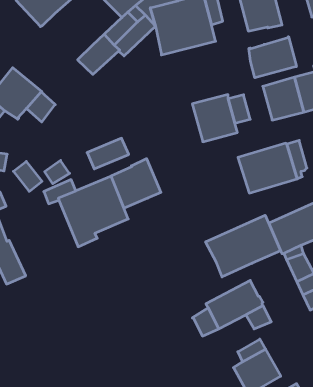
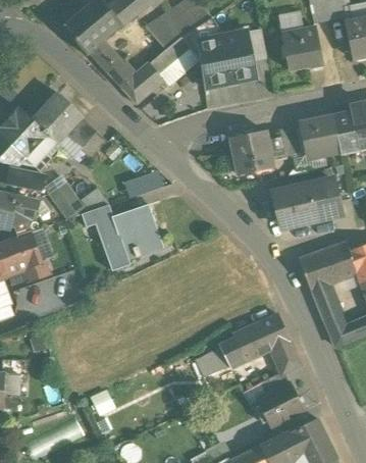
building: none -> [88,41,136,88]
building: [249,37,296,78] -> none
building: [111,159,161,208] -> none
building: [206,215,281,277] -> none
building: none -> [194,348,227,377]

